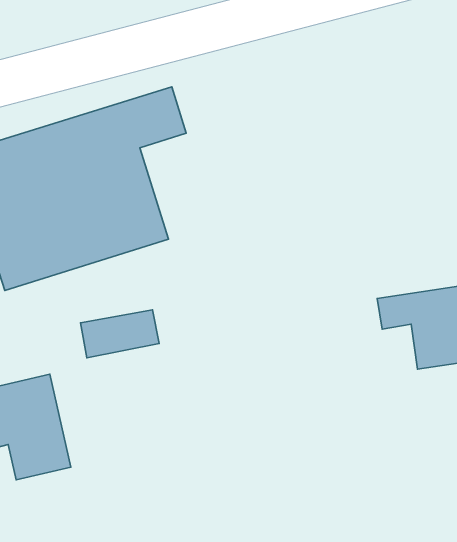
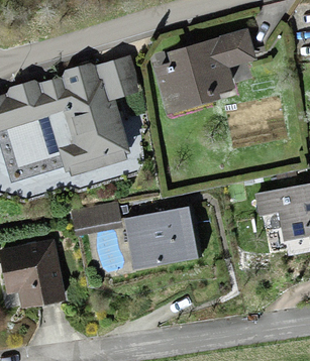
building: none -> [157,32,251,111]
building: none -> [125,210,192,268]

